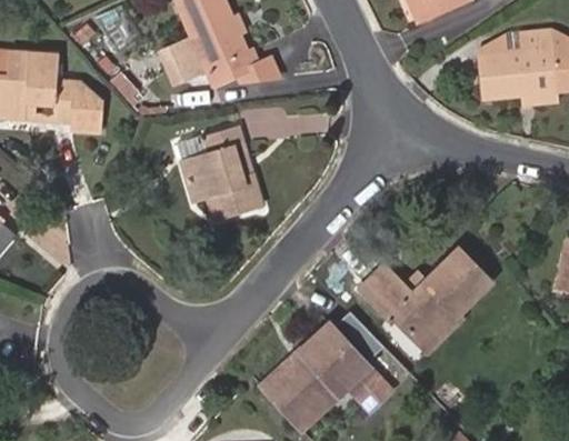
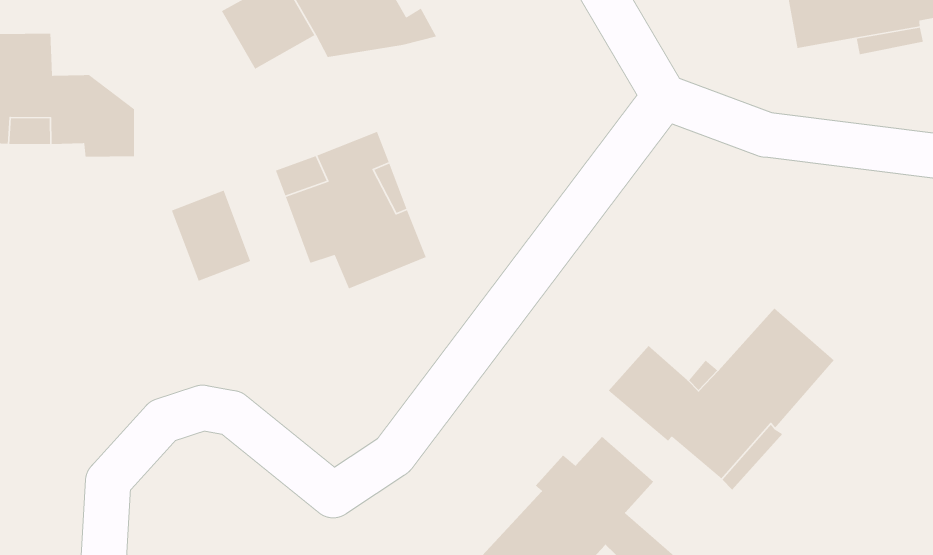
building: none -> [171,189,251,282]

